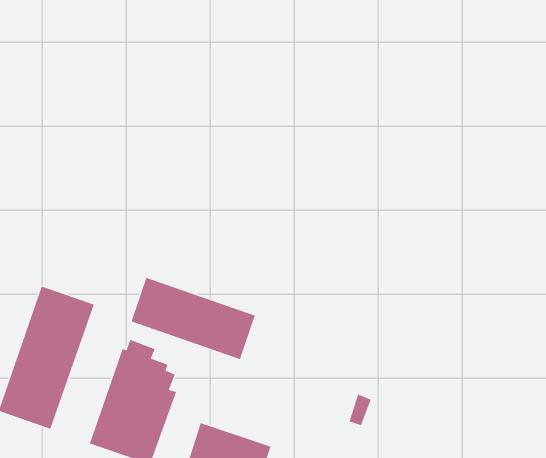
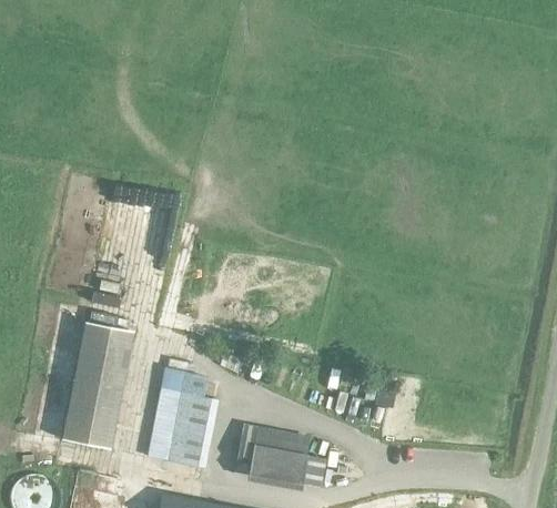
building: [130,277,256,360] -> none

